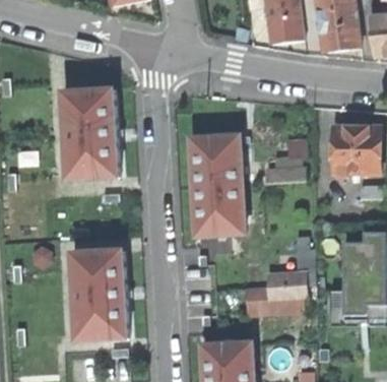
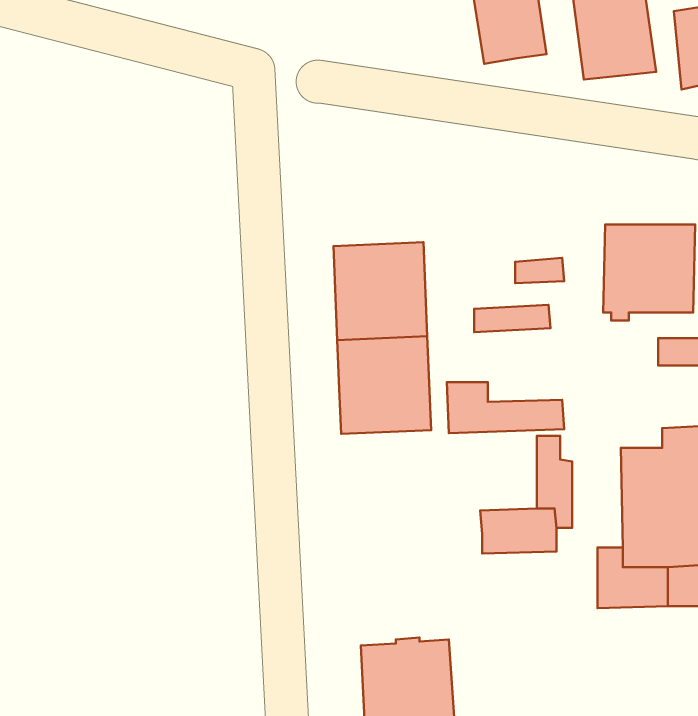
building: [62,88,118,179] -> none
building: [70,249,126,340] -> none
building: [248,286,309,313] -> [447,382,564,433]

